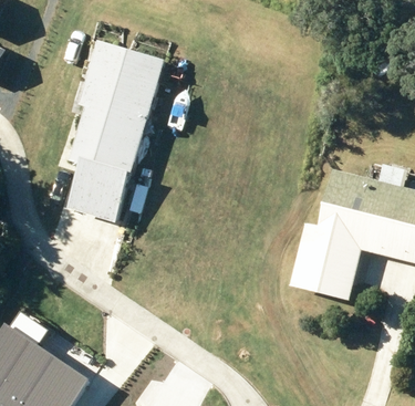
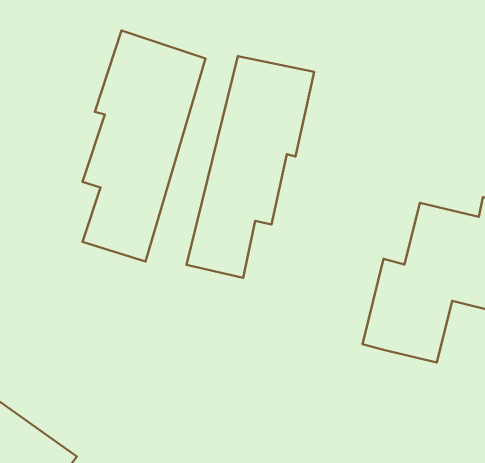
building: none -> [186,56,314,278]

